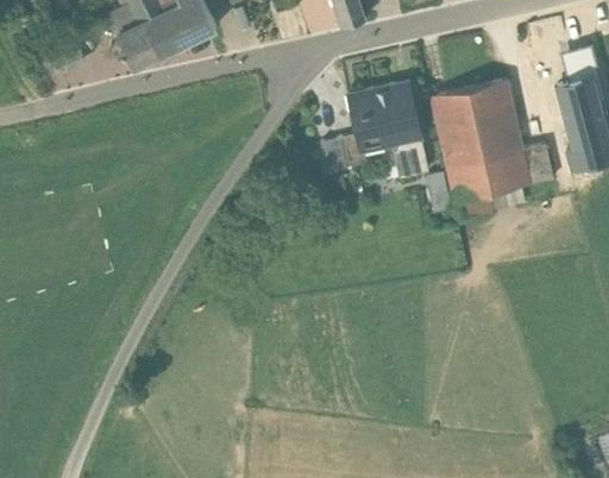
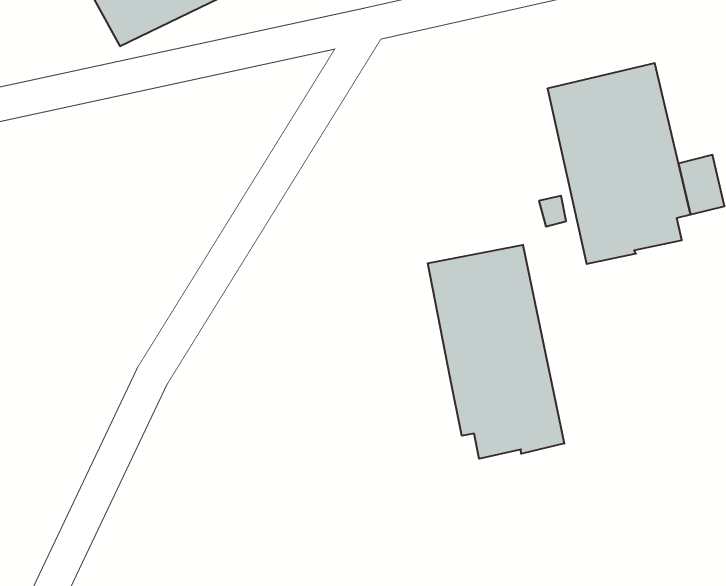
building: [320,82,428,177] -> none
building: none -> [428,245,564,459]

